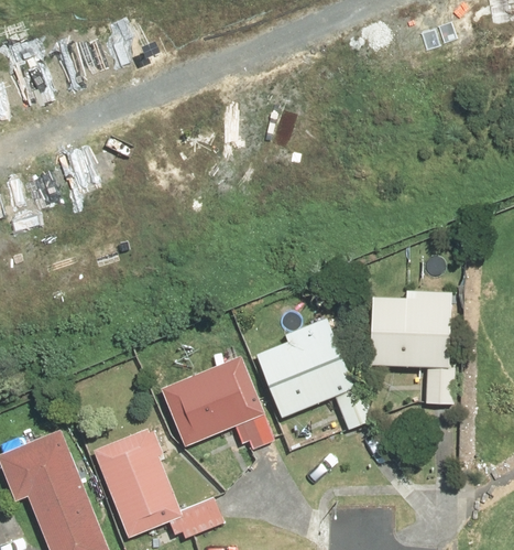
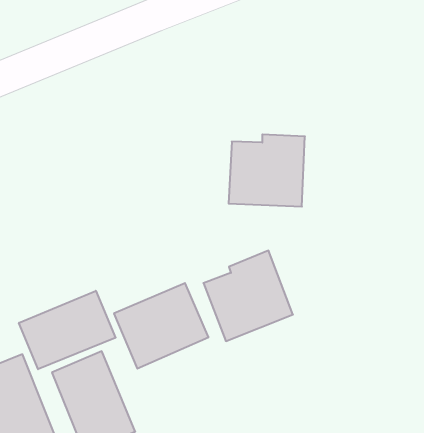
building: [369,290,451,368] -> [229,134,305,207]
building: none -> [19,291,116,369]

